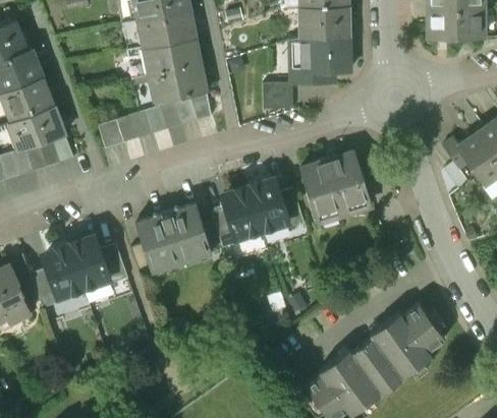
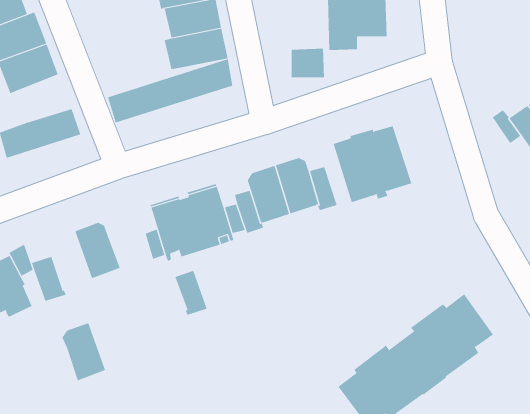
building: [13,106,66,150] -> none
building: [99,244,128,285] -> [174,270,207,315]
building: [44,246,84,299] -> [62,323,106,382]

